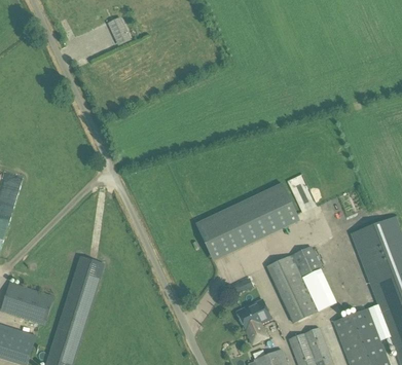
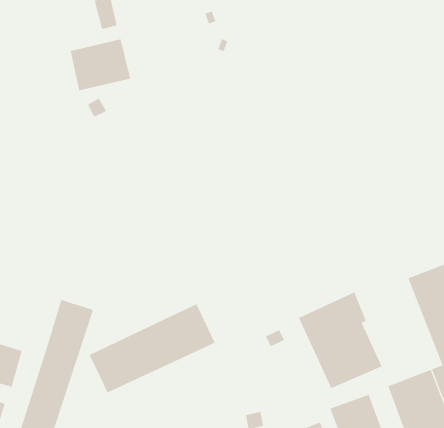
building: none -> [70,38,131,91]
building: [197,186,296,256] -> [89,303,215,393]
building: [237,300,271,344] -> none

